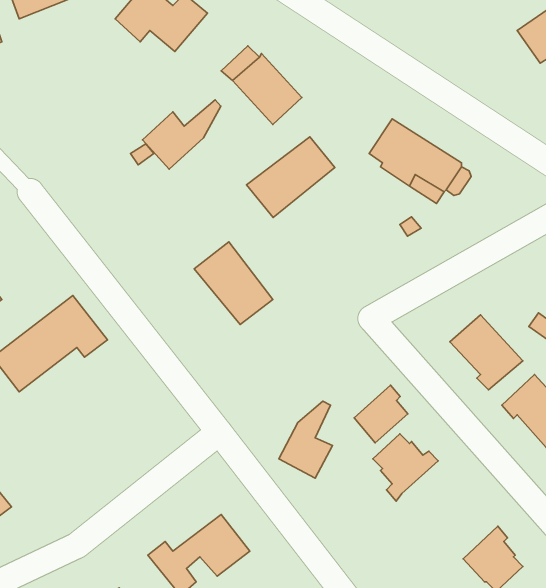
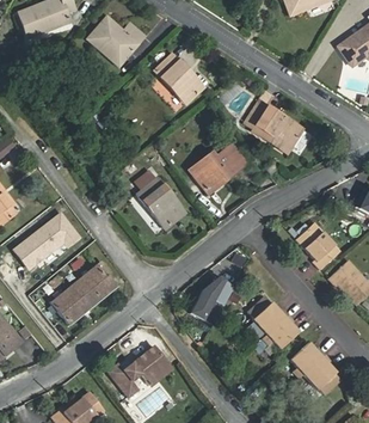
building: [142,100,221,169] -> none
building: [246,137,335,217] -> [191,143,246,194]
building: none -> [50,260,117,325]
building: [354,385,408,443] -> [265,313,299,349]
building: none -> [289,342,325,378]

